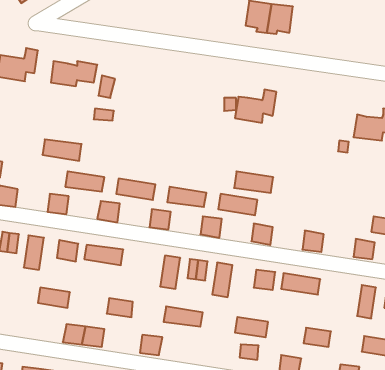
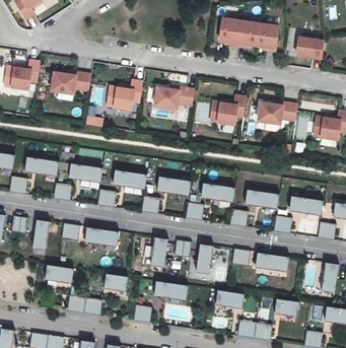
building: none -> [260,23,281,51]
building: none -> [298,38,326,58]
building: none -> [111,79,146,108]
building: none -> [157,86,198,107]
building: none -> [260,101,299,123]
building: [42,139,82,161] -> [24,158,58,177]
building: [234,171,273,193] -> [243,190,276,208]
building: none -> [286,197,320,215]

